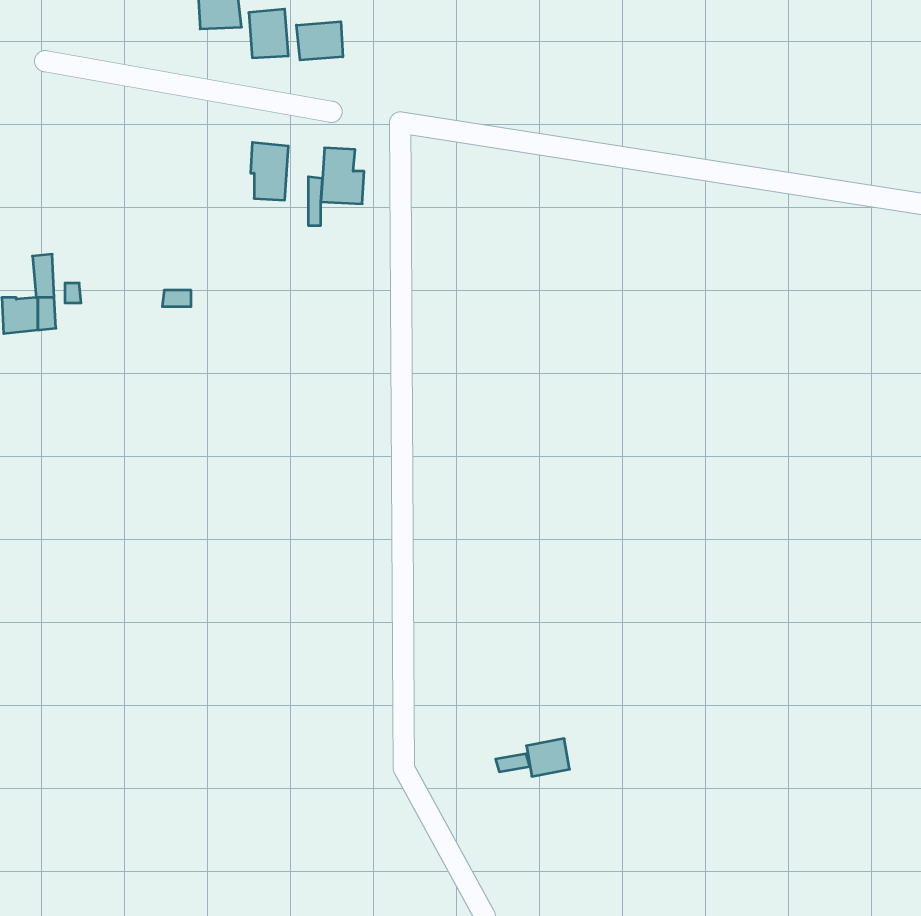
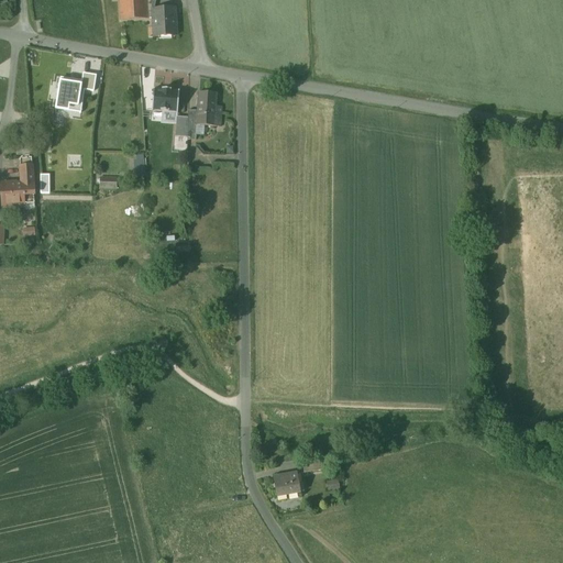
building: [296,22,343,60] -> none
building: none -> [54,78,81,109]
building: [526,739,570,776] -> [273,471,299,494]

